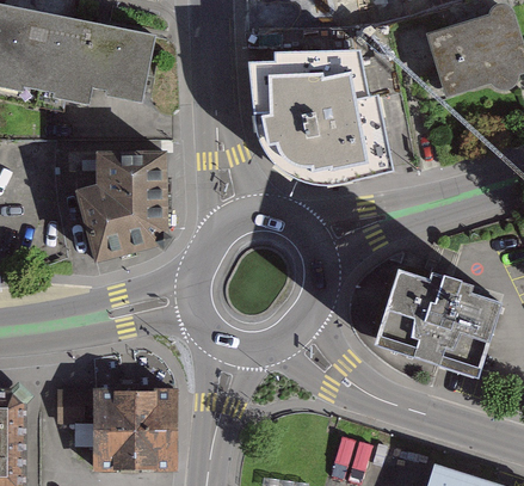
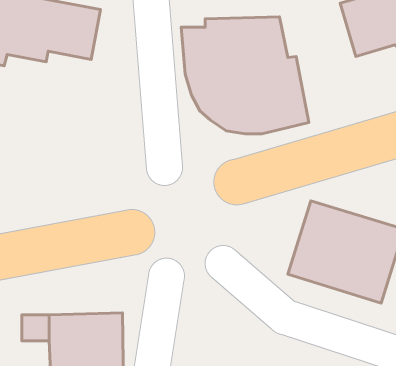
building: [74,148,174,260] -> none

